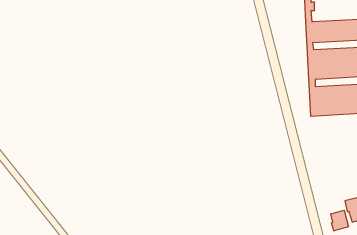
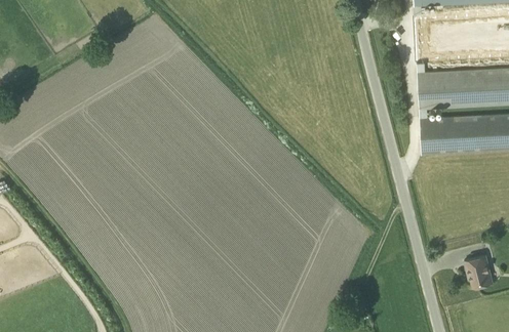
building: [331,210,348,231] -> none

